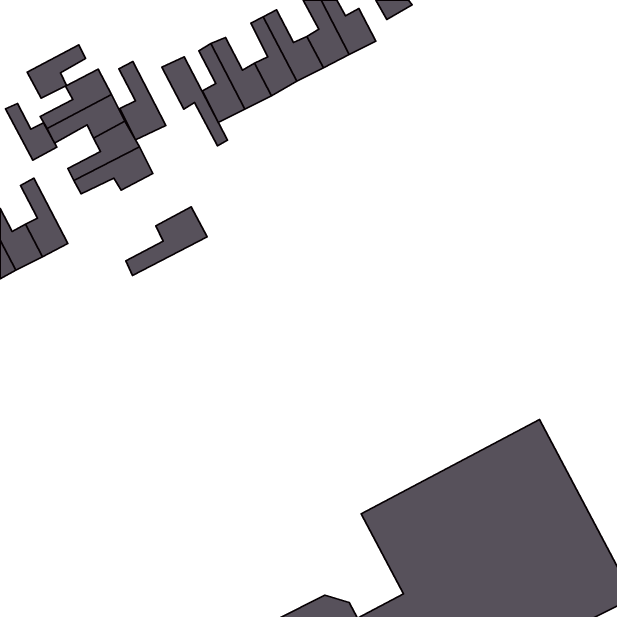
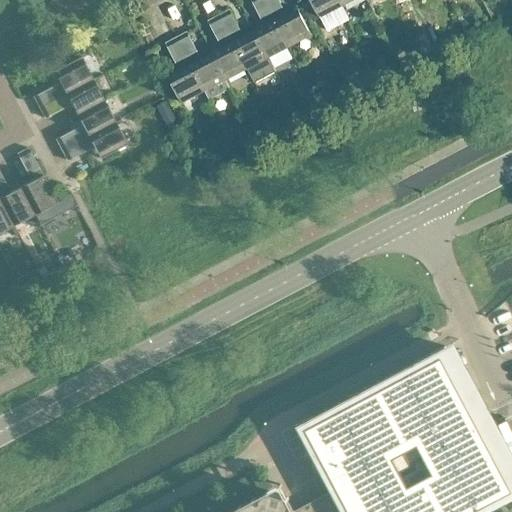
building: [27,45,86,98] -> none
building: [162,57,227,146] -> none
building: [119,61,166,140] -> none
building: [6,103,57,160] -> none
building: [126,207,207,275] -> none

